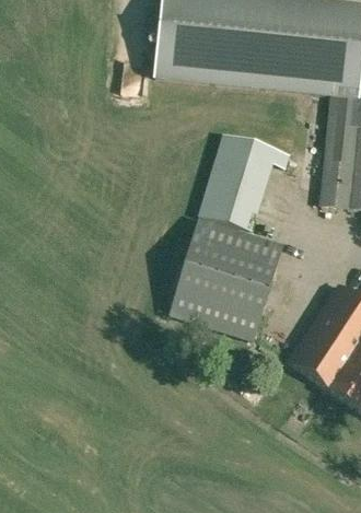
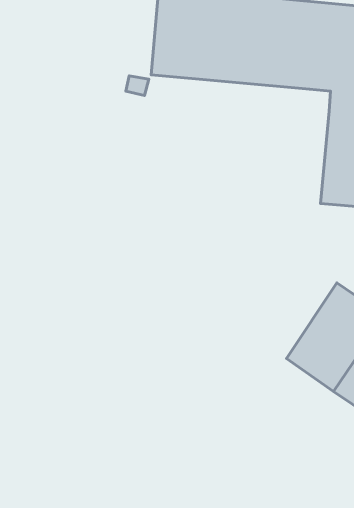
building: [208,131,298,228] -> none
building: [168,218,281,336] -> none

